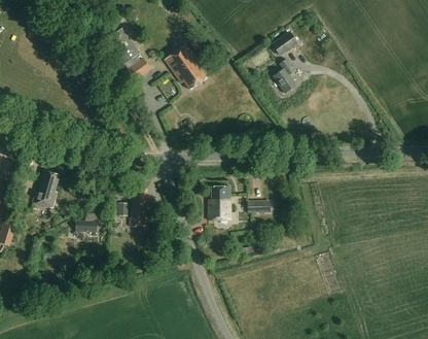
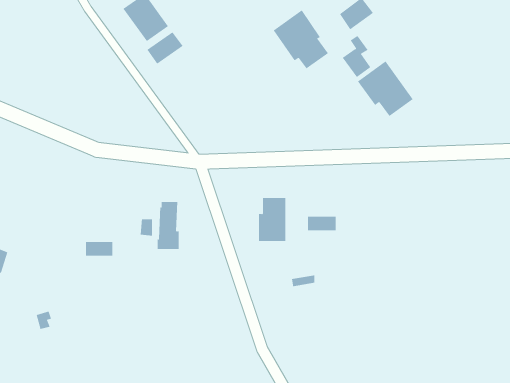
building: [165,44,208,91] -> [273,9,329,69]
building: none -> [357,61,414,117]
building: [33,171,60,208] -> none

